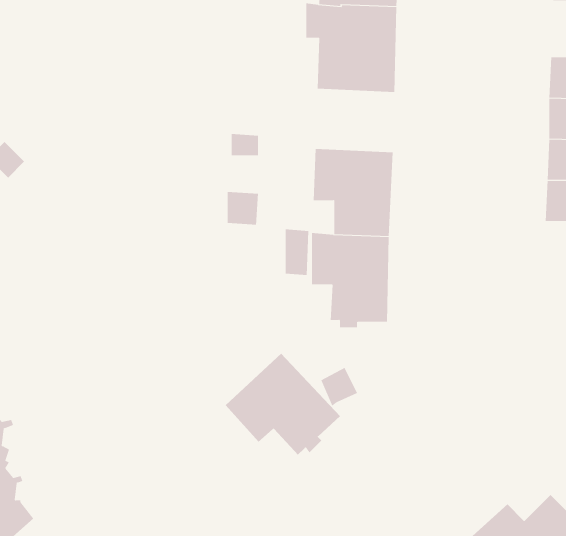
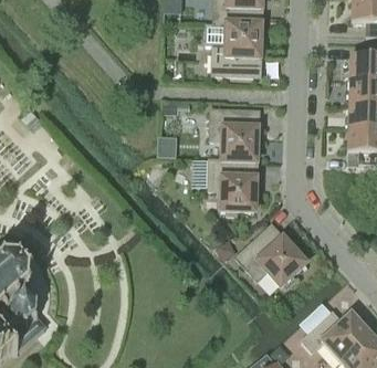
building: [225,353,341,455] -> [238,224,306,285]

